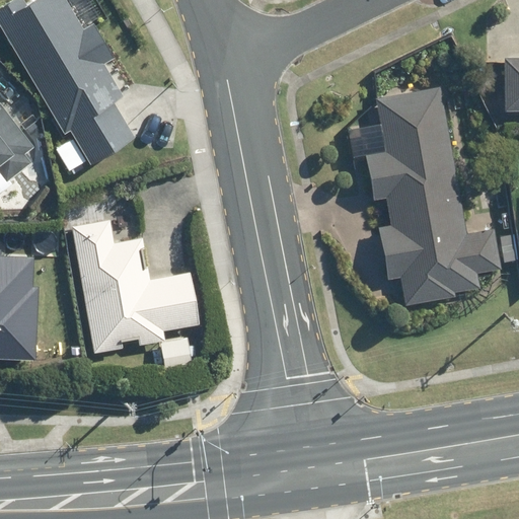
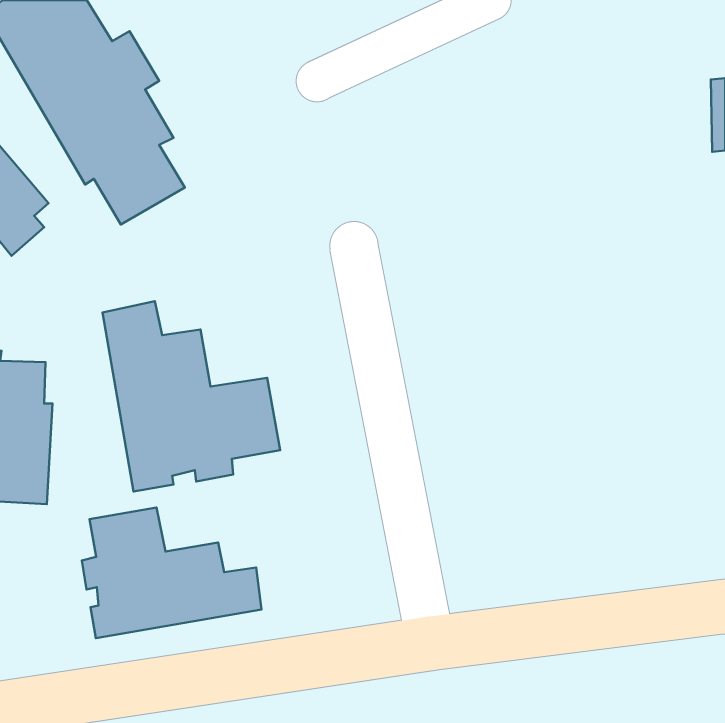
building: [367,85,501,306] -> none
building: none -> [82,507,261,638]

